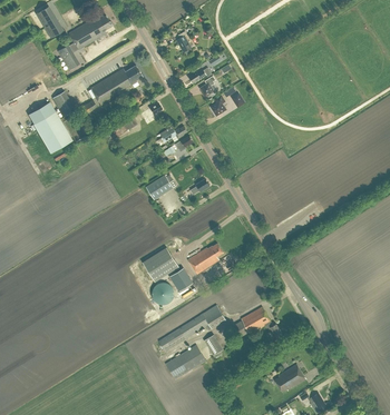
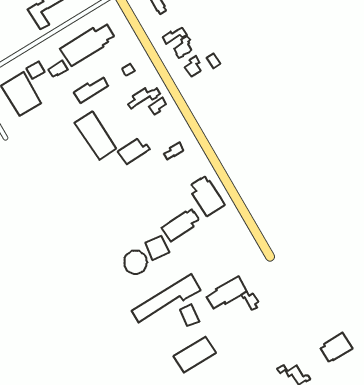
building: none -> [74,111,116,160]
building: none -> [191,177,225,216]
building: [143,247,178,281] -> none
building: [164,344,205,378] -> [173,337,216,373]
building: [274,364,305,392] -> [320,332,353,361]

